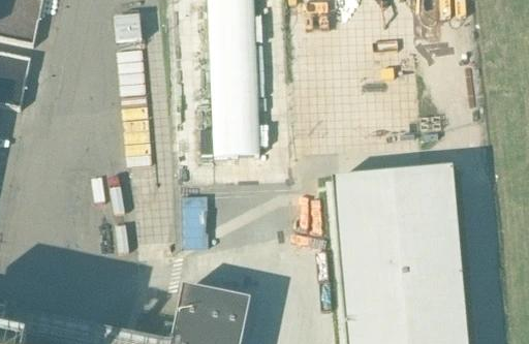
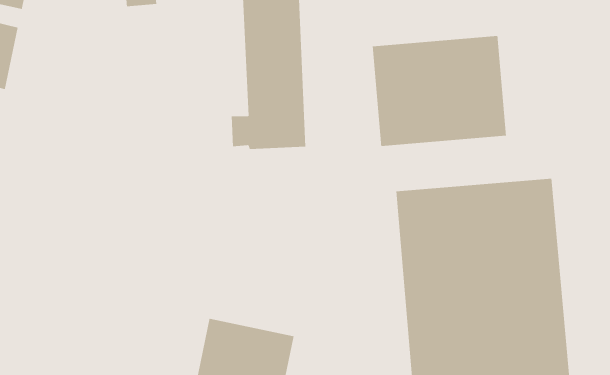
building: none -> [372,35,507,147]

